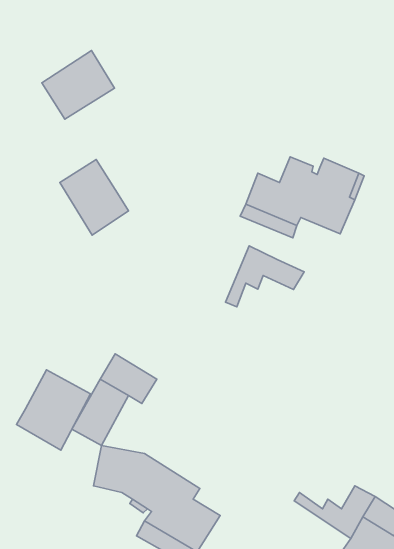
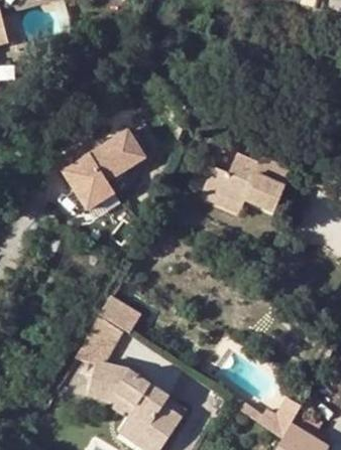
building: [42,50,115,119] -> [92,131,146,182]
building: [226,246,304,307] -> none
building: [17,370,91,450] -> none

